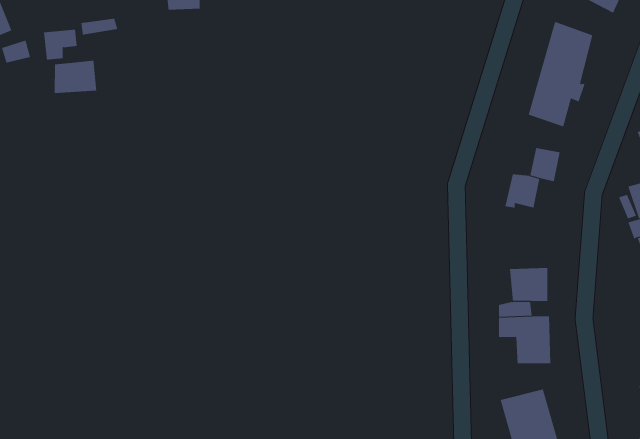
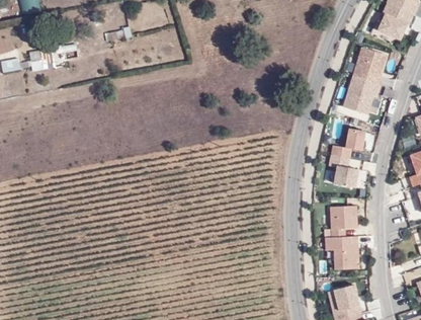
building: [54,60,97,94] -> none
building: none -> [333,164,358,187]

